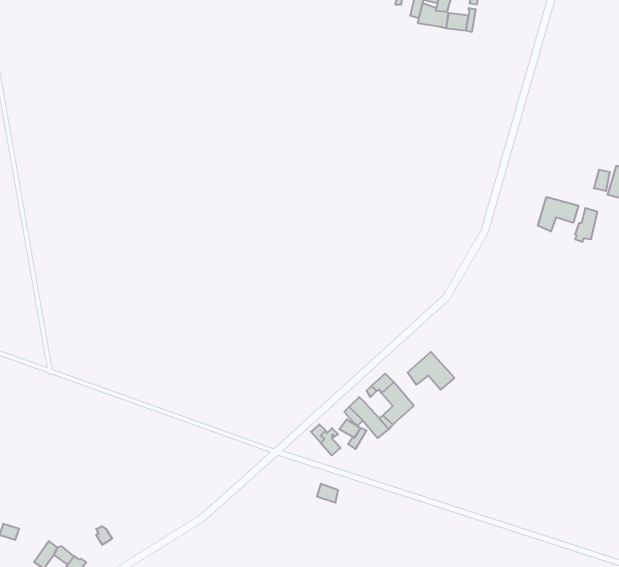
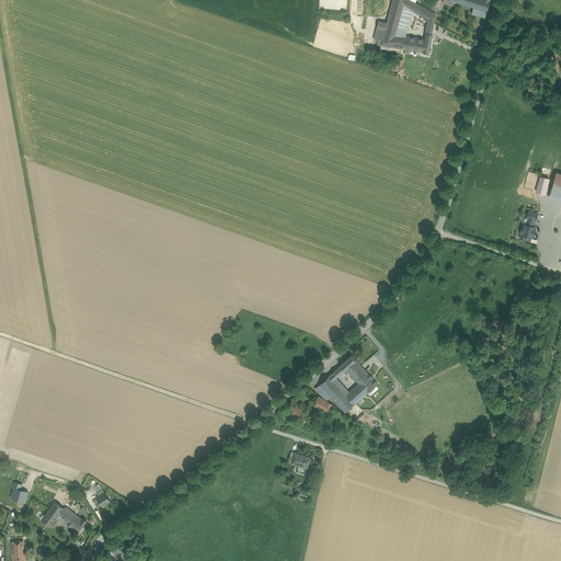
building: [538,197,578,232] -> none
building: [408,352,454,390] -> none

